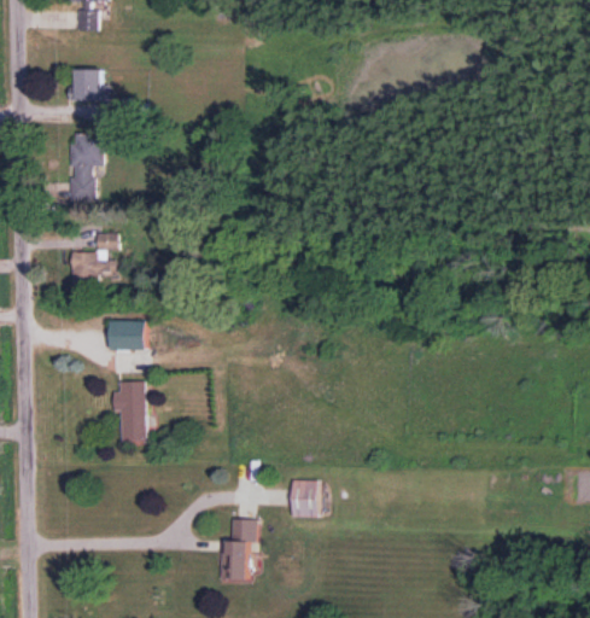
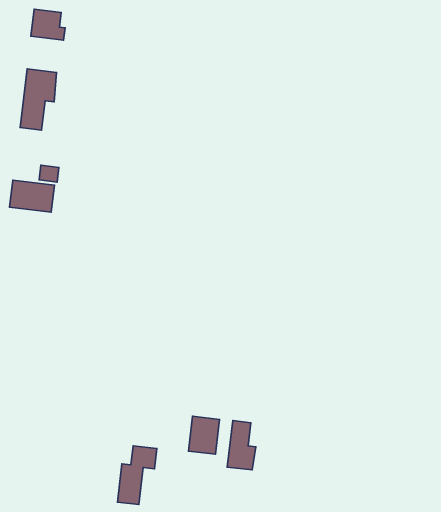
building: [109,321,145,350] -> none
building: [118,381,146,441] -> none
building: none -> [227,421,256,470]

